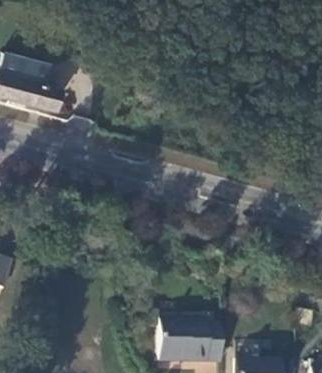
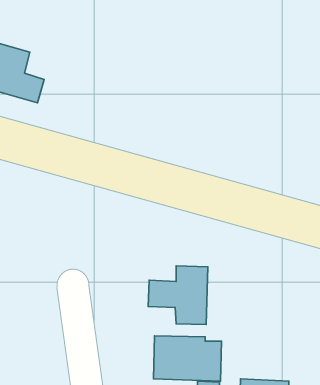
building: none -> [148,266,208,325]

